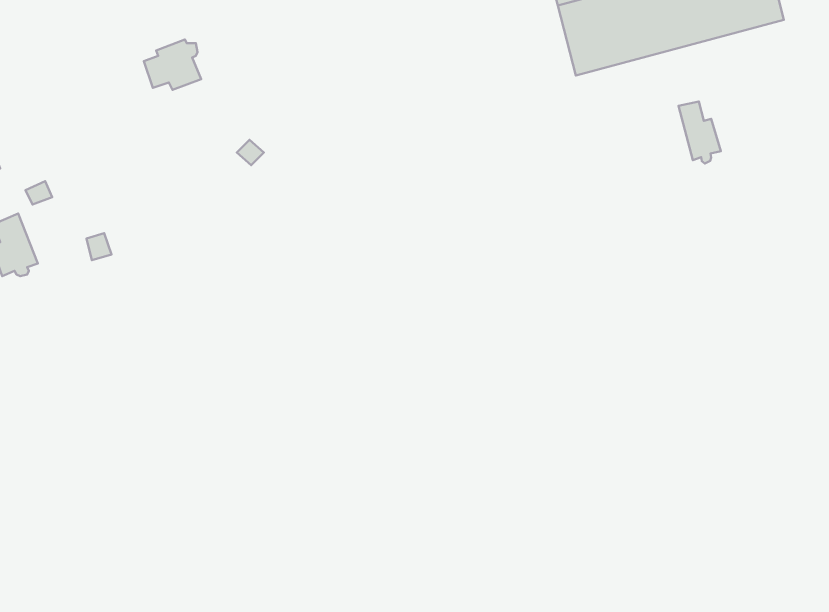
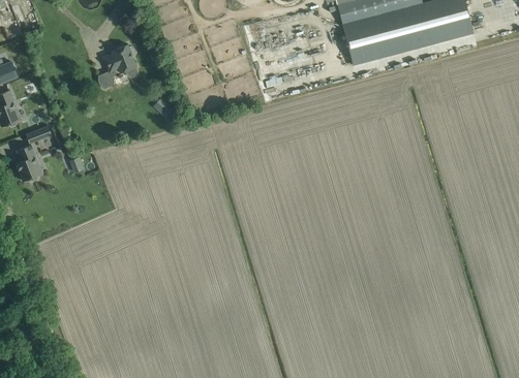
building: [678,101,721,163] -> none

